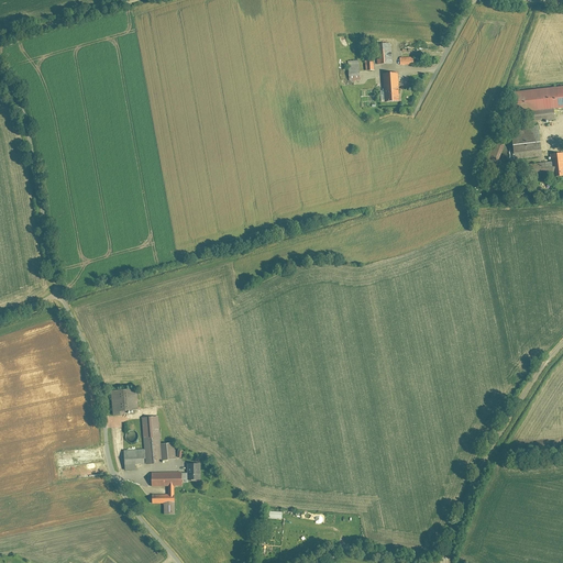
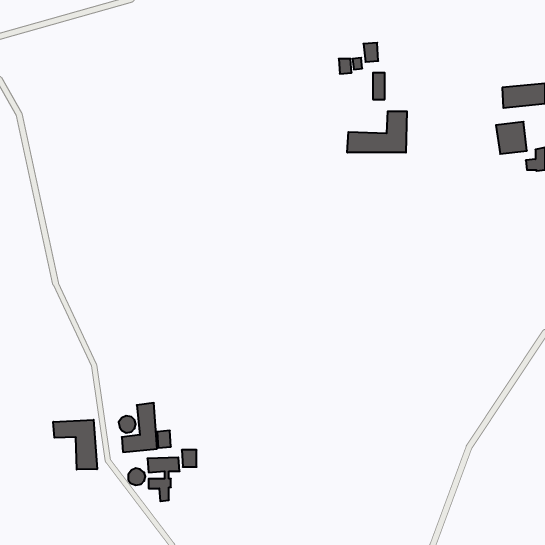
building: none -> [347,111,407,153]
building: [112,389,140,412] -> none
building: none -> [53,420,97,470]

